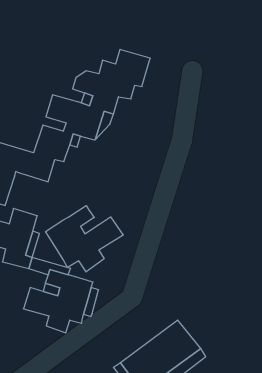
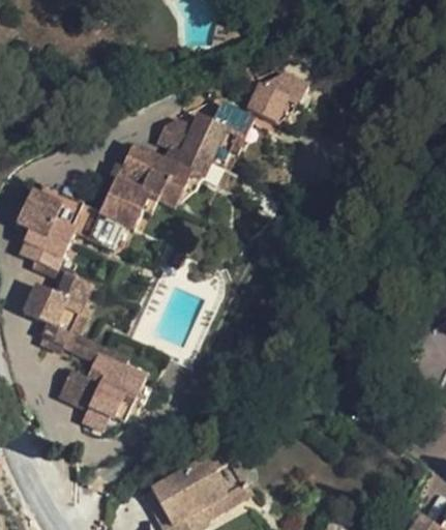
building: none -> [247,73,311,122]
building: [46,206,123,272] -> none

